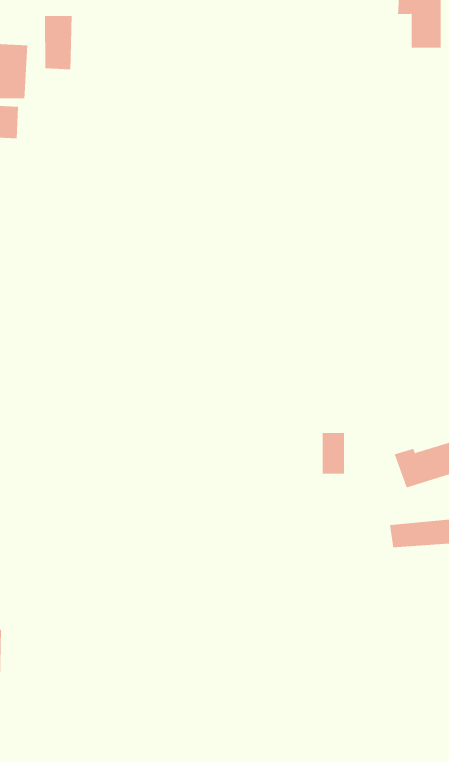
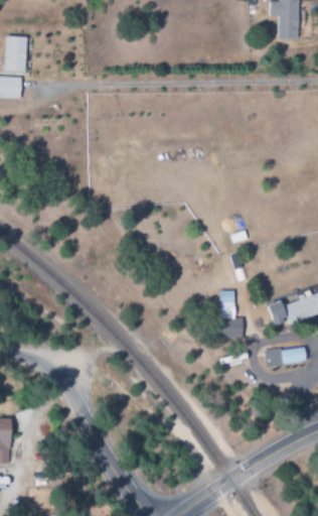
building: [45,15,72,70] -> none
building: none -> [218,317,244,337]

